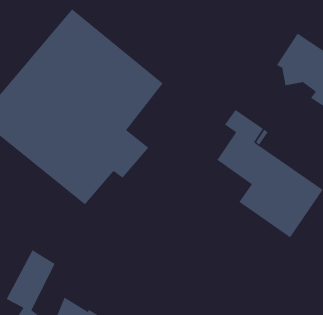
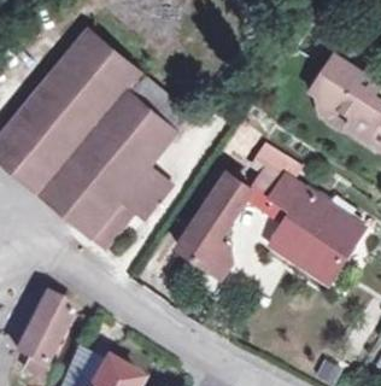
building: none -> [177,171,250,275]

